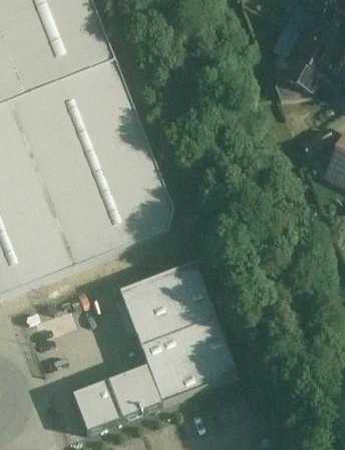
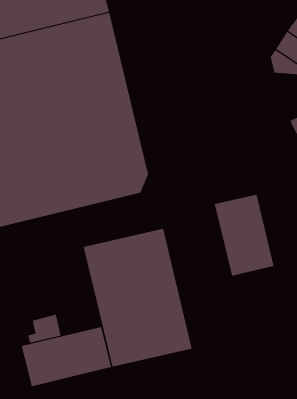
building: none -> [214,194,274,276]
building: none -> [27,314,61,344]

